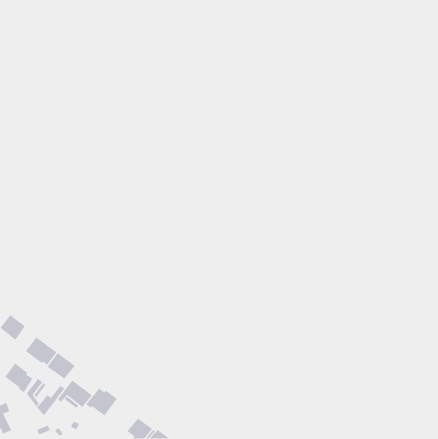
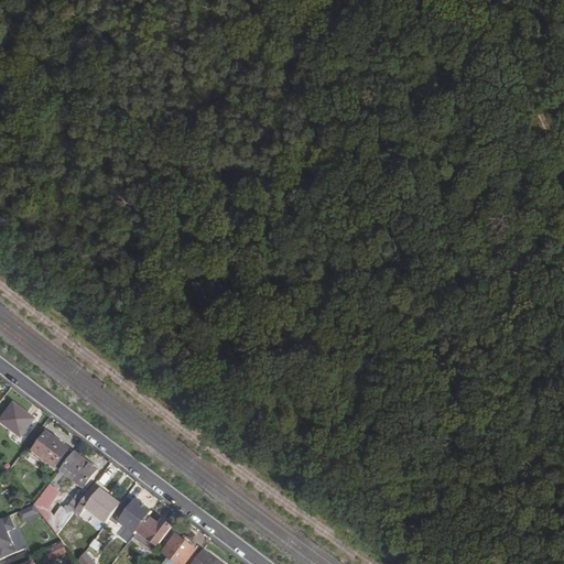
building: [4,363,34,394] -> none
building: none -> [130,516,171,550]

